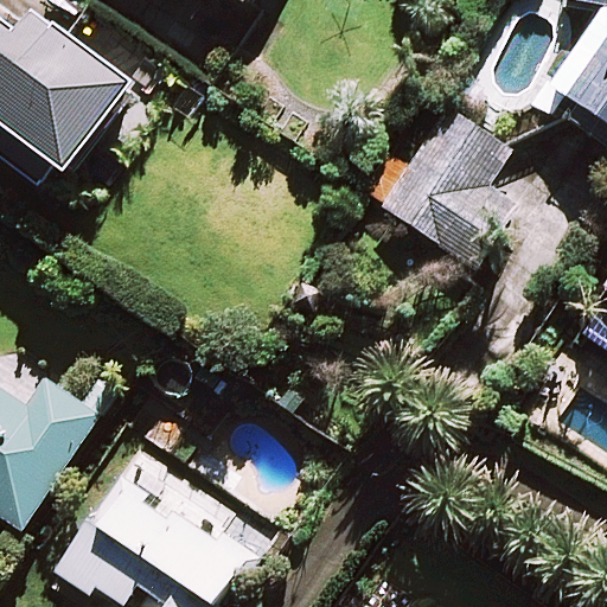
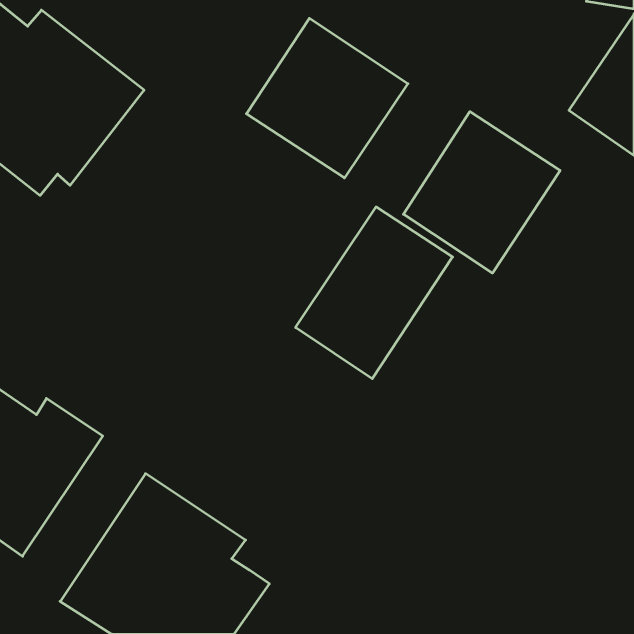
building: none -> [246,18,408,178]
building: none -> [296,207,453,379]

